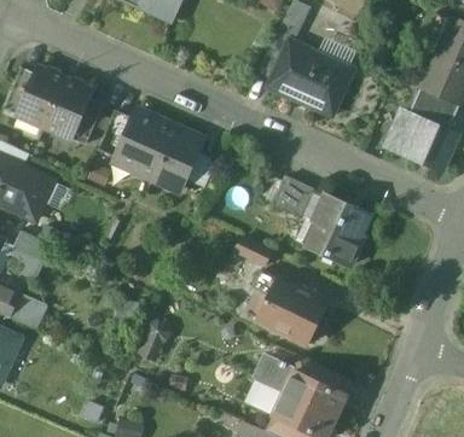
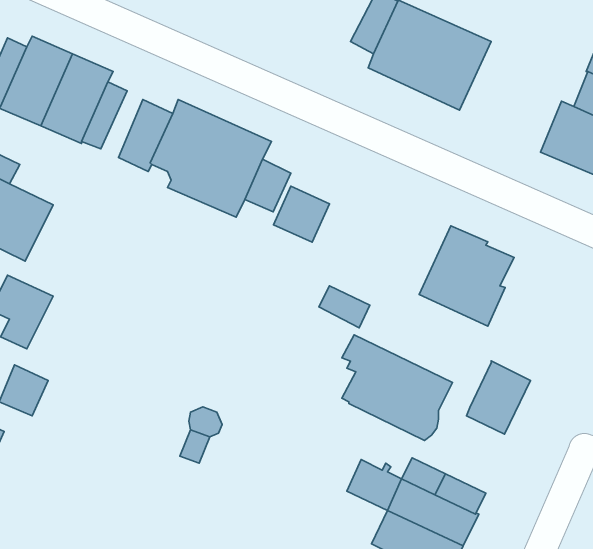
building: [274,177,313,216] -> [273,186,330,242]
building: none -> [467,361,530,434]

